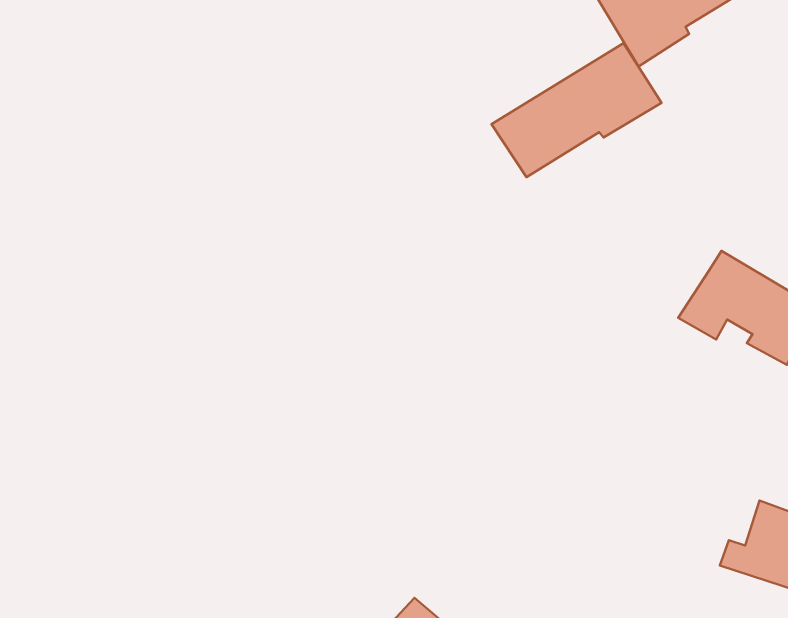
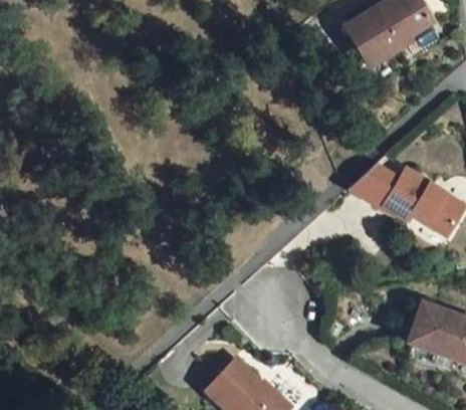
building: [492,43,662,177] -> none
building: none -> [348,164,405,208]

